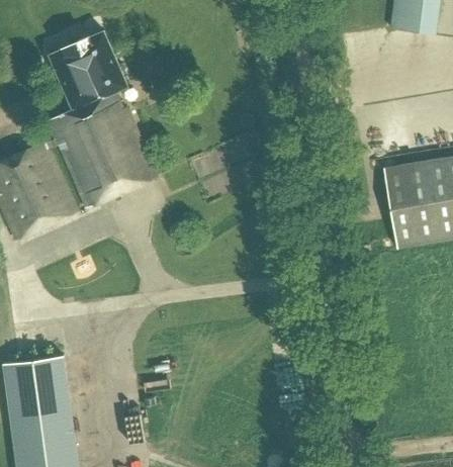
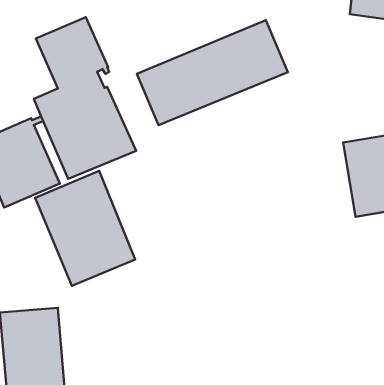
building: none -> [137,20,288,125]
building: none -> [35,171,135,286]

